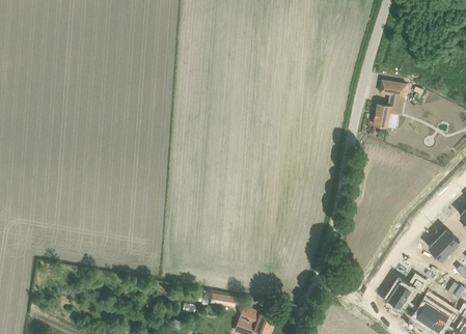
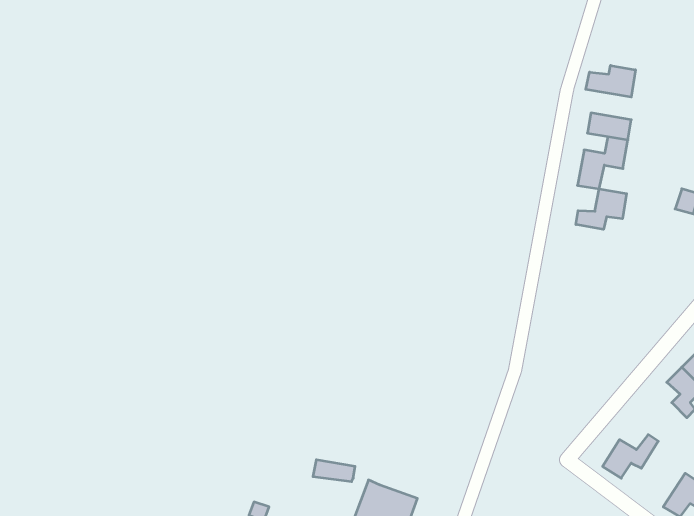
building: none -> [586,65,635,97]
building: none -> [576,189,627,229]
building: [414,291,439,323] -> none

